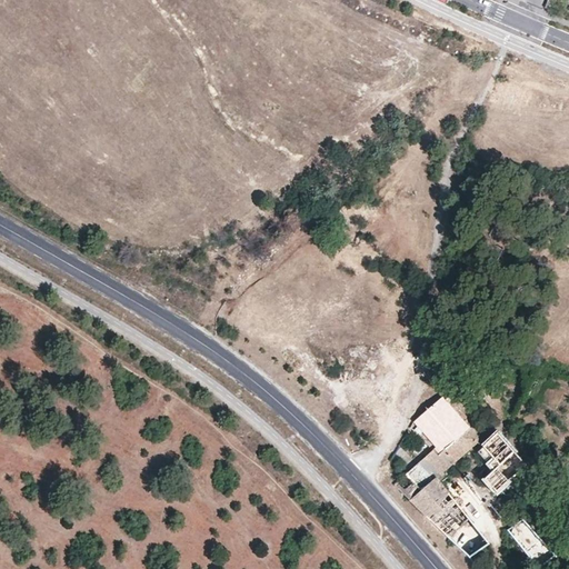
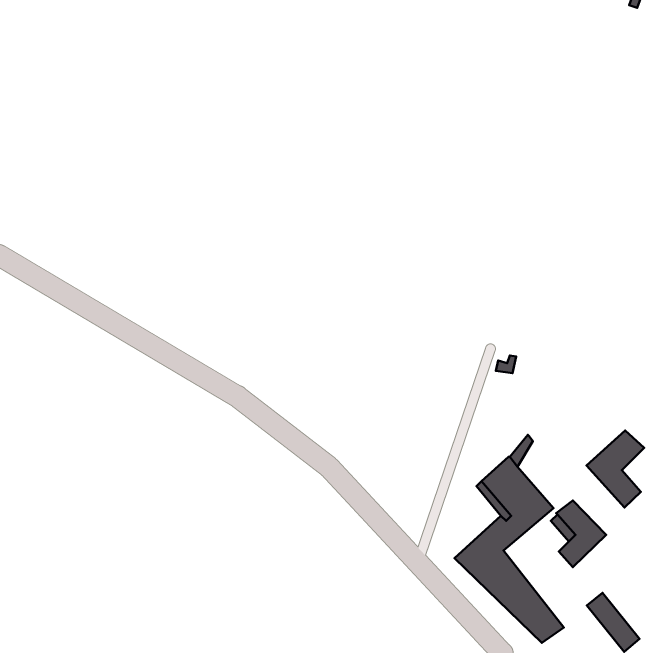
building: none -> [586,431,644,508]

